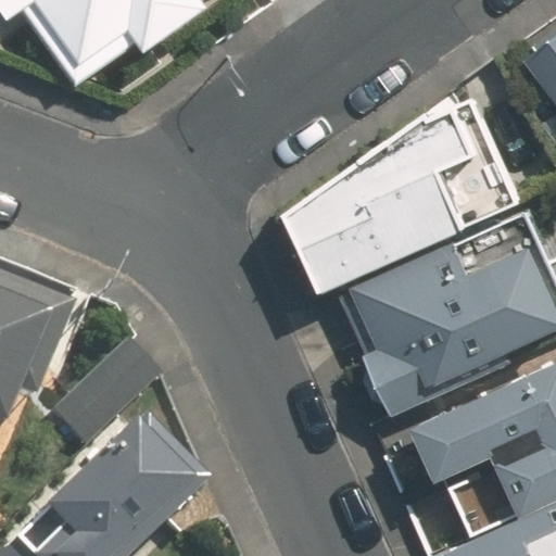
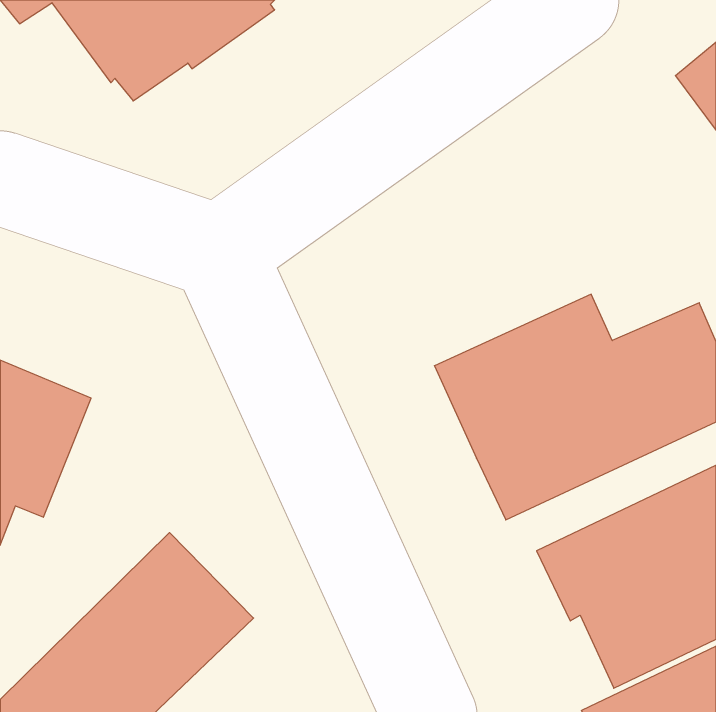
building: [290,88,510,291] -> none

